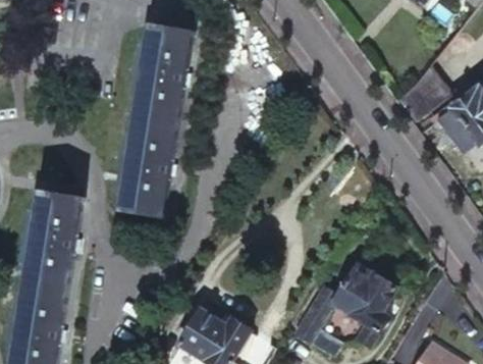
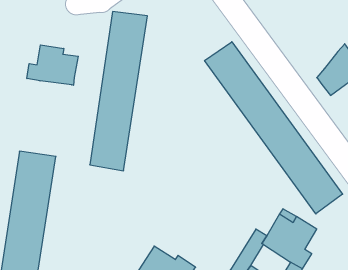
building: none -> [205,42,343,214]
building: none -> [27,45,78,85]

